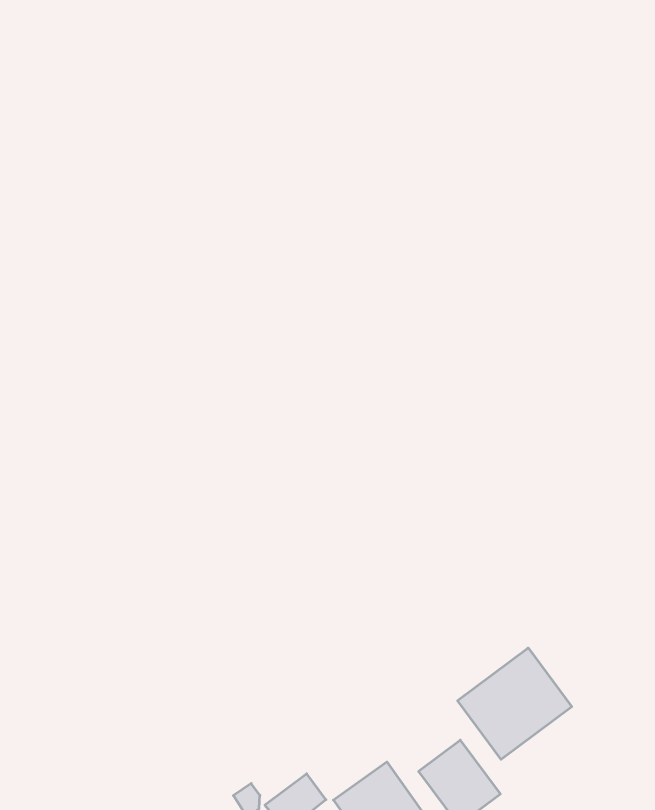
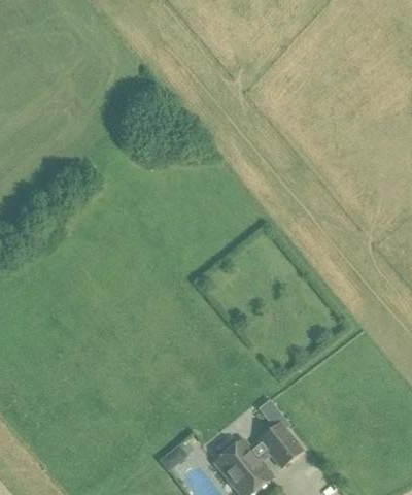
building: [458,648,572,759] -> none

